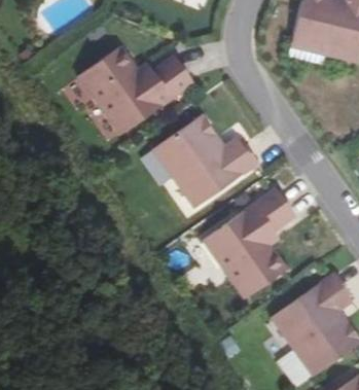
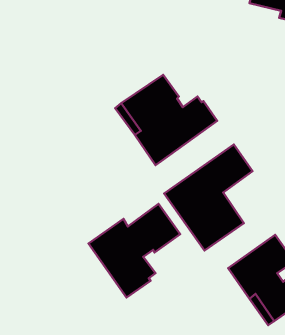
building: [78,46,192,135] -> none
building: none -> [88,204,180,298]

